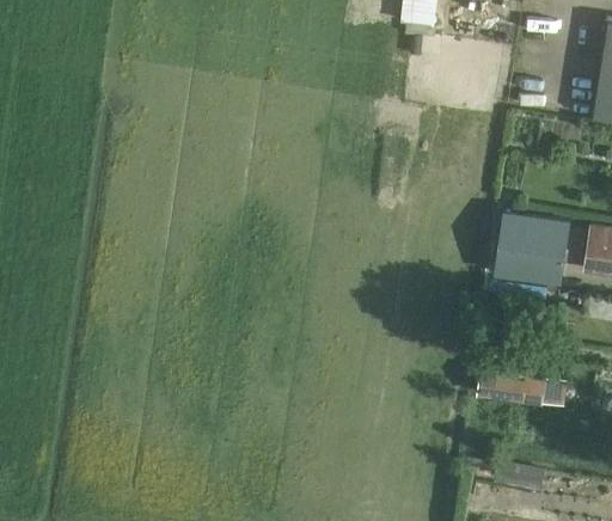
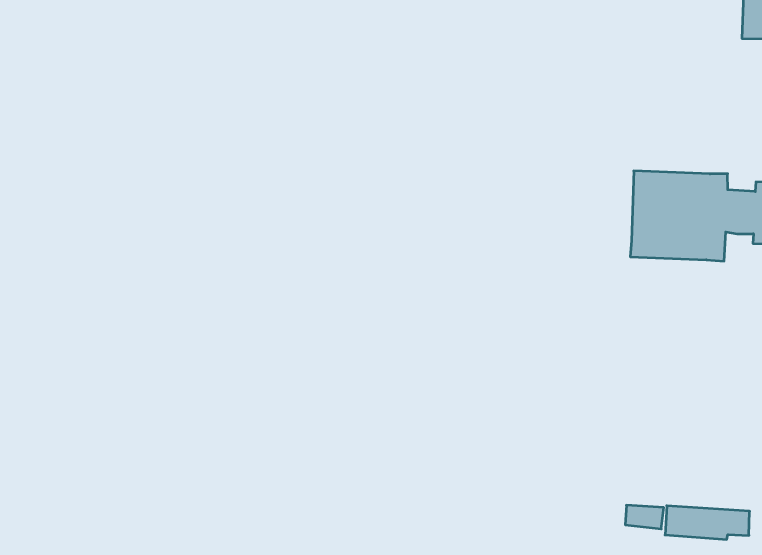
building: [479,372,564,407] -> none

